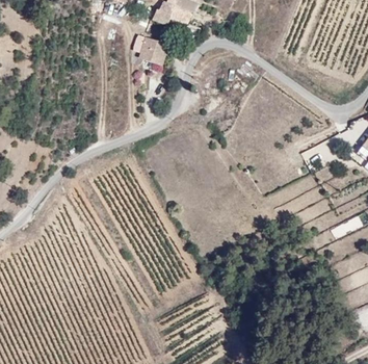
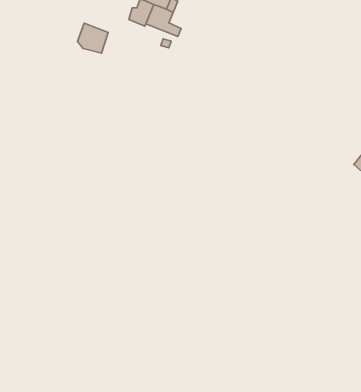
building: [141,37,169,64] -> [77,23,108,53]

